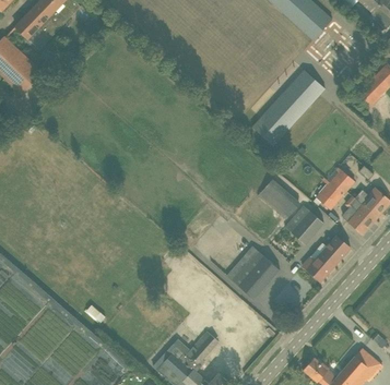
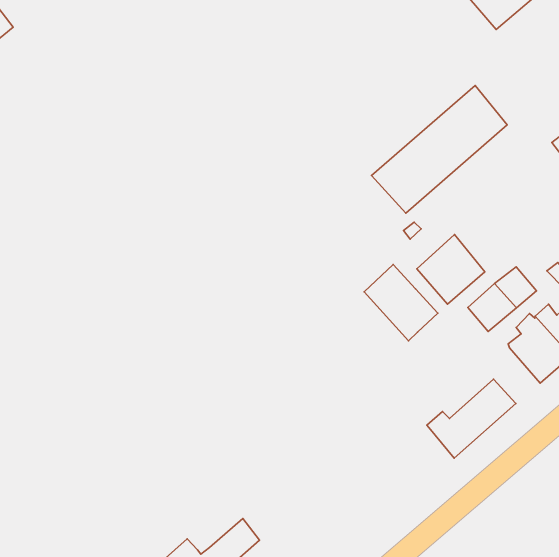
building: [285,204,323,243] -> [417,235,485,304]
building: [229,248,280,299] -> none

